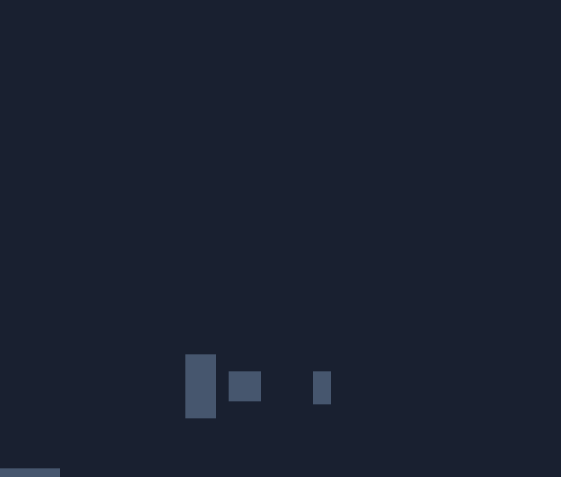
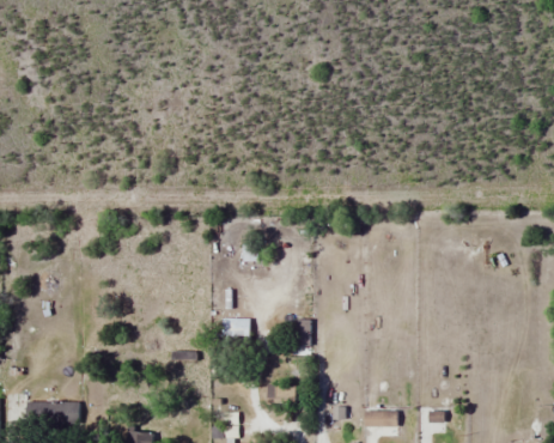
building: [185,354,216,419] -> none

